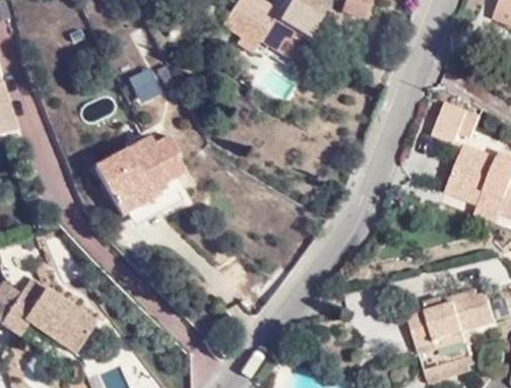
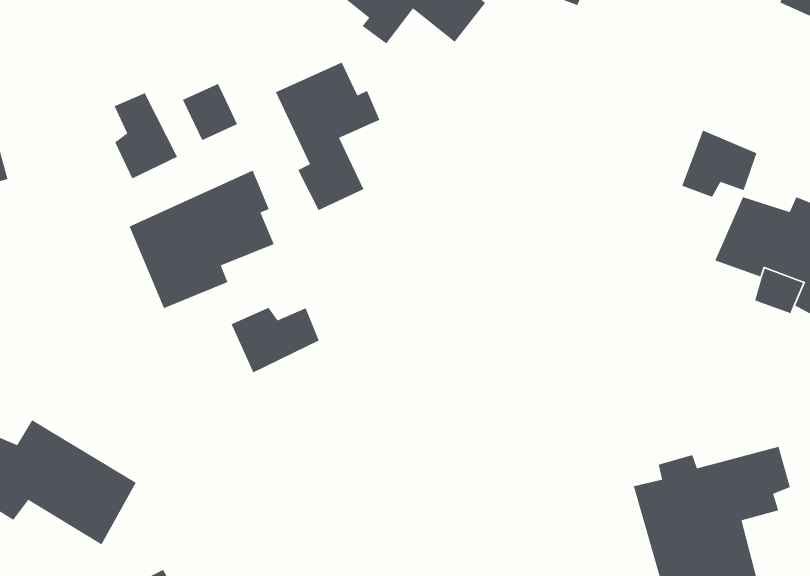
building: none -> [275,61,381,211]
building: none -> [113,92,178,179]
building: none -> [230,307,320,373]

